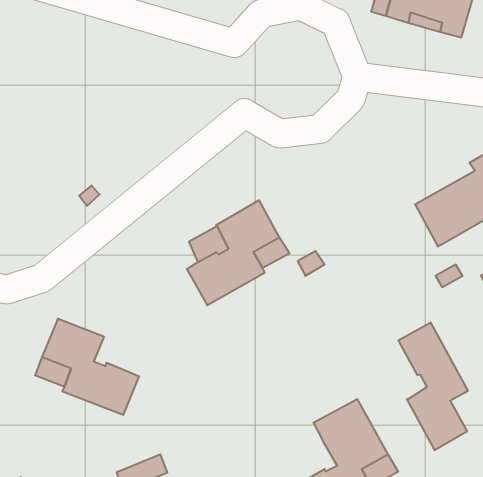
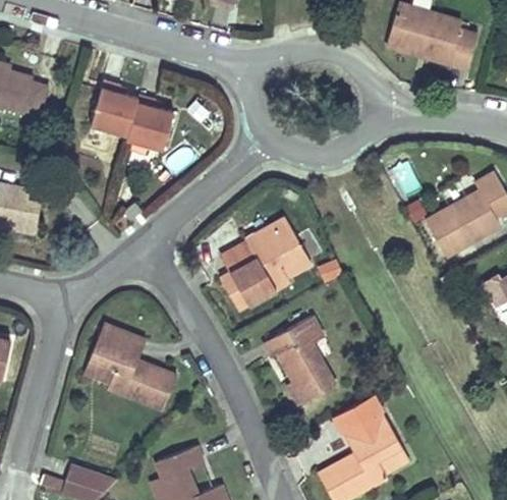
building: none -> [91,79,174,150]
building: none -> [264,315,335,405]
building: [399,322,468,450] -> none

